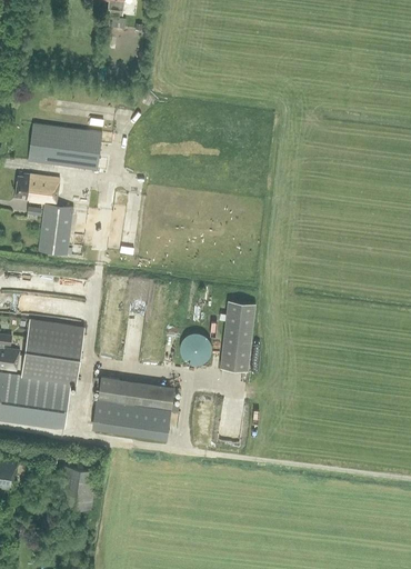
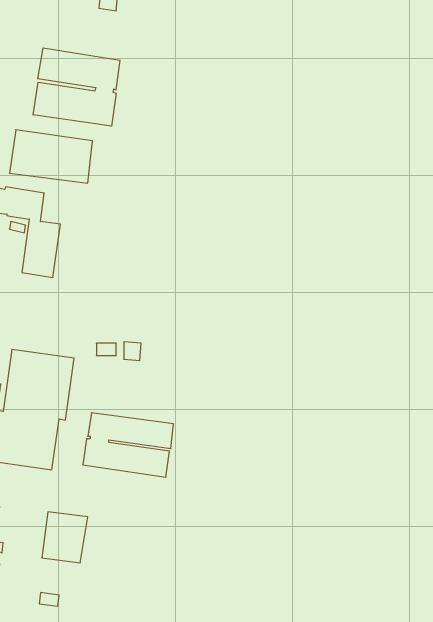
building: none -> [33,48,120,126]
building: [219,301,254,371] -> none
building: [179,333,211,365] -> none

